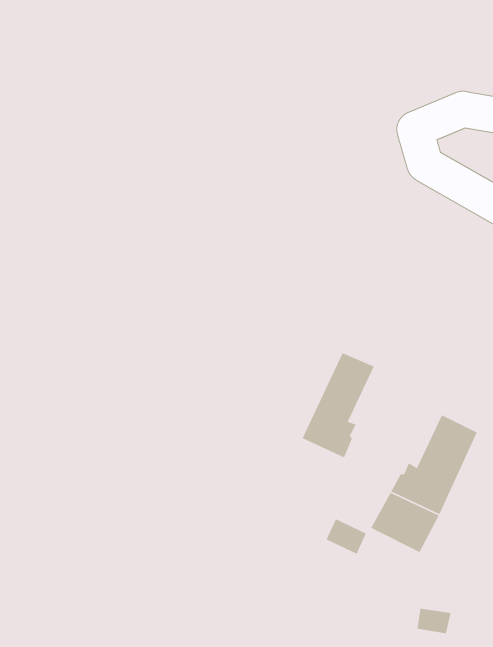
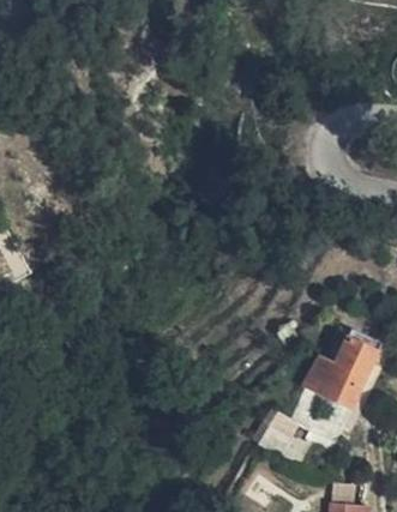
building: [301,352,375,459] -> none

